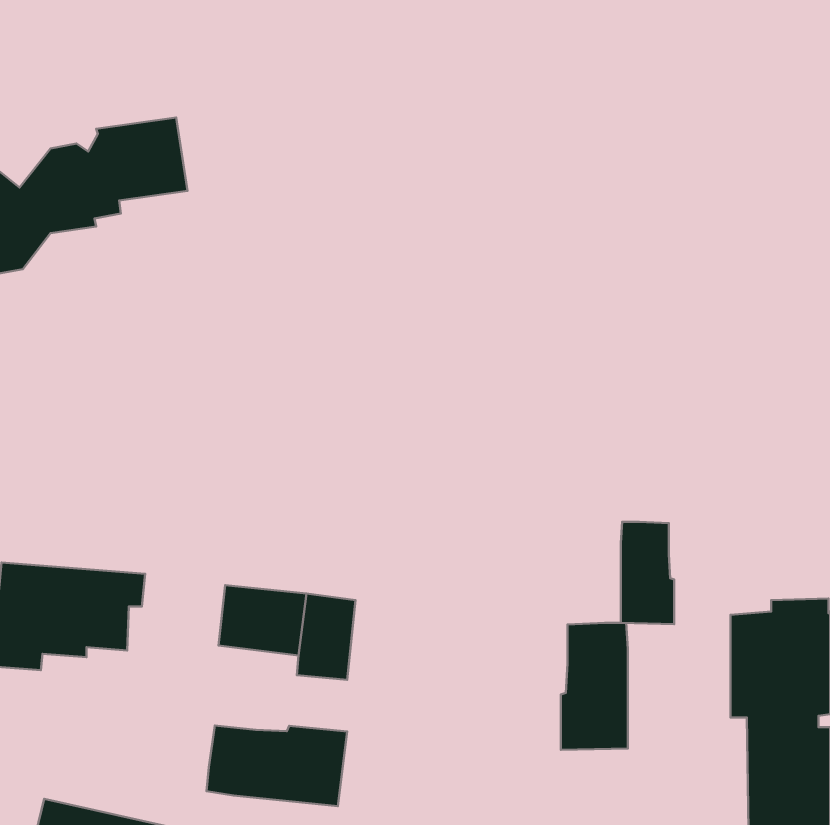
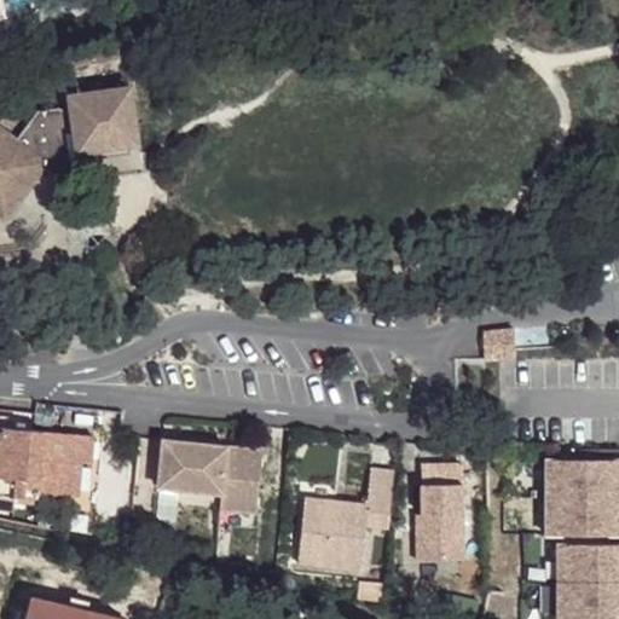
building: [621,522,674,624] -> none
building: none -> [296,470,394,571]
building: [206,726,347,806] -> none

